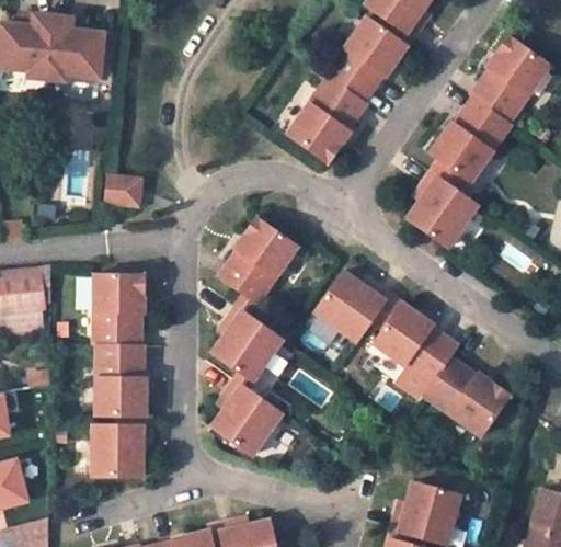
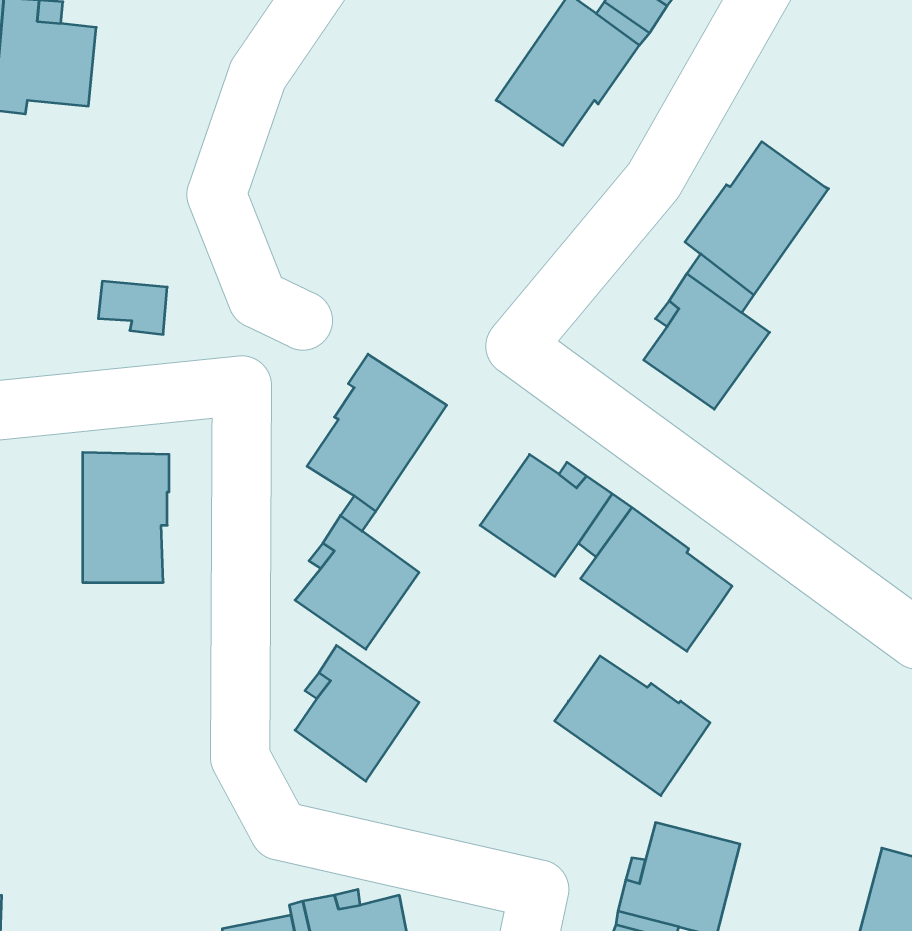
building: [470,37,549,124] -> none
building: [286,77,364,162] -> none
building: [96,344,145,415] -> none
building: [423,357,510,435] -> [555,656,710,796]
building: [94,422,150,476] -> none

